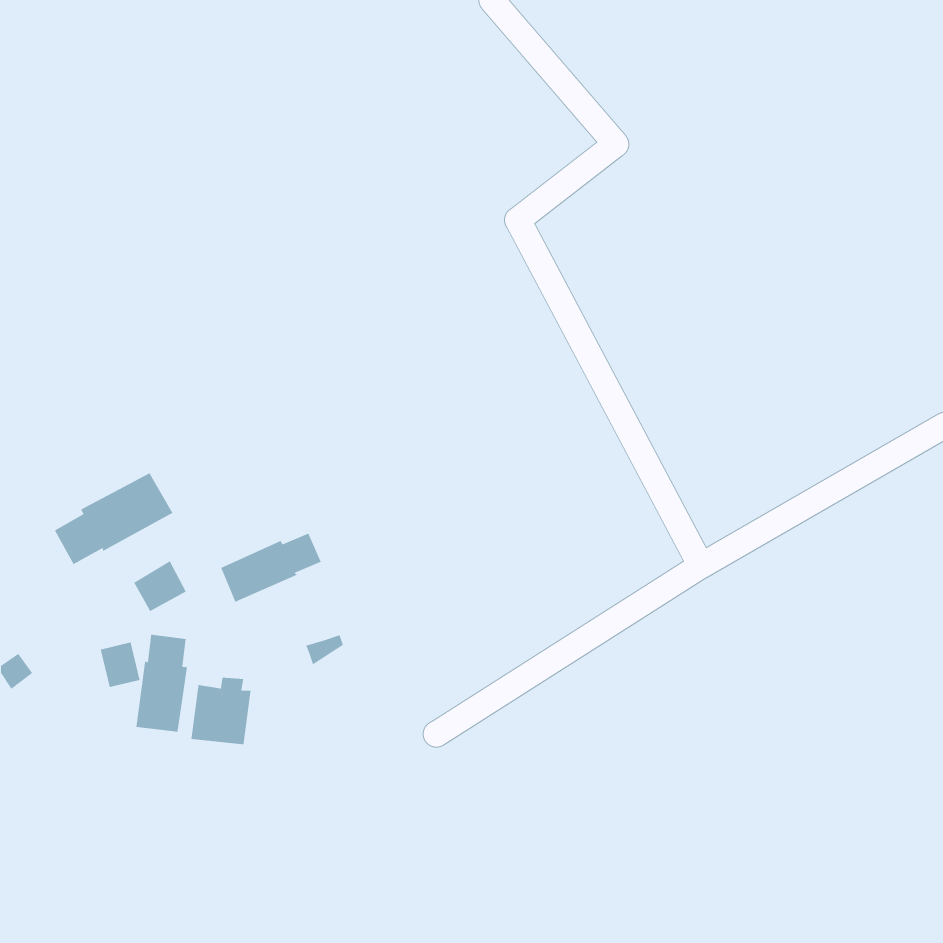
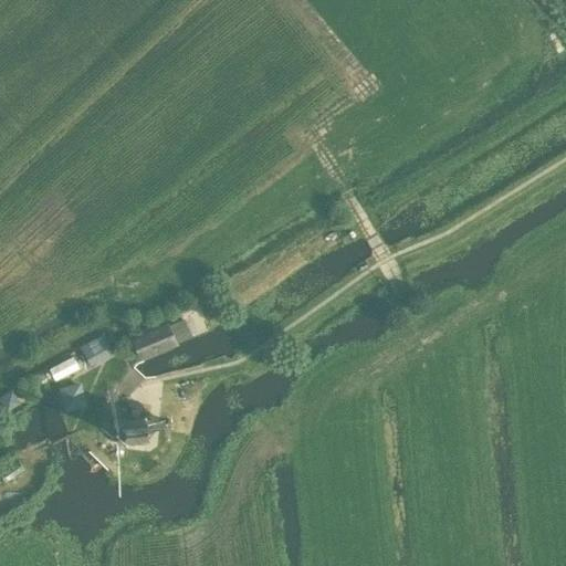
building: [54,472,173,565] -> none
building: [136,634,188,733] -> none

